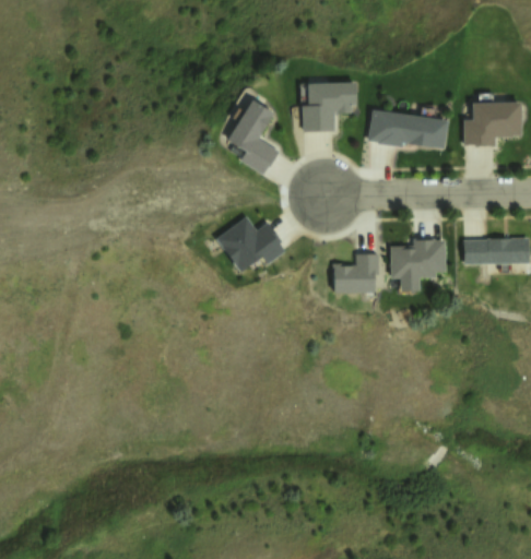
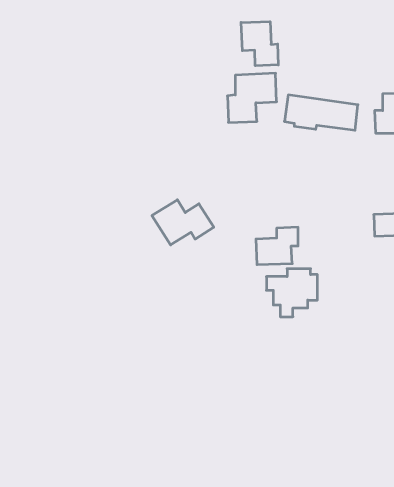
building: none -> [241,22,278,66]
building: [227,102,279,174] -> none
building: [388,237,445,290] -> [266,269,317,317]

